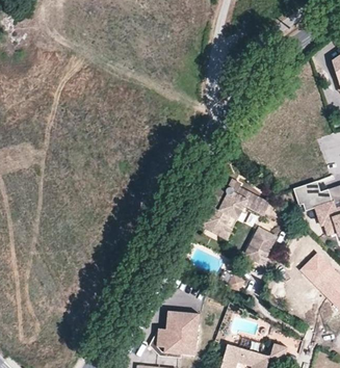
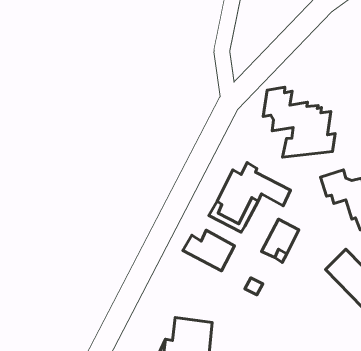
building: none -> [263,87,335,157]
building: none -> [183,230,234,271]

